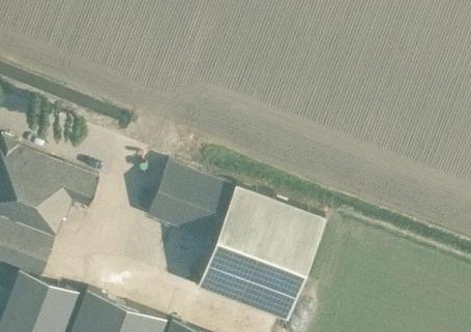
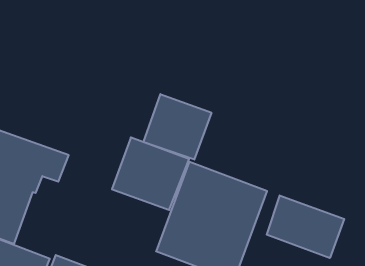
building: none -> [143,94,211,160]
building: none -> [267,195,344,258]

